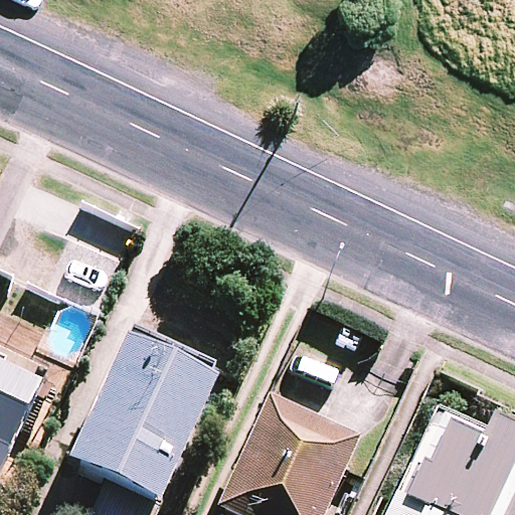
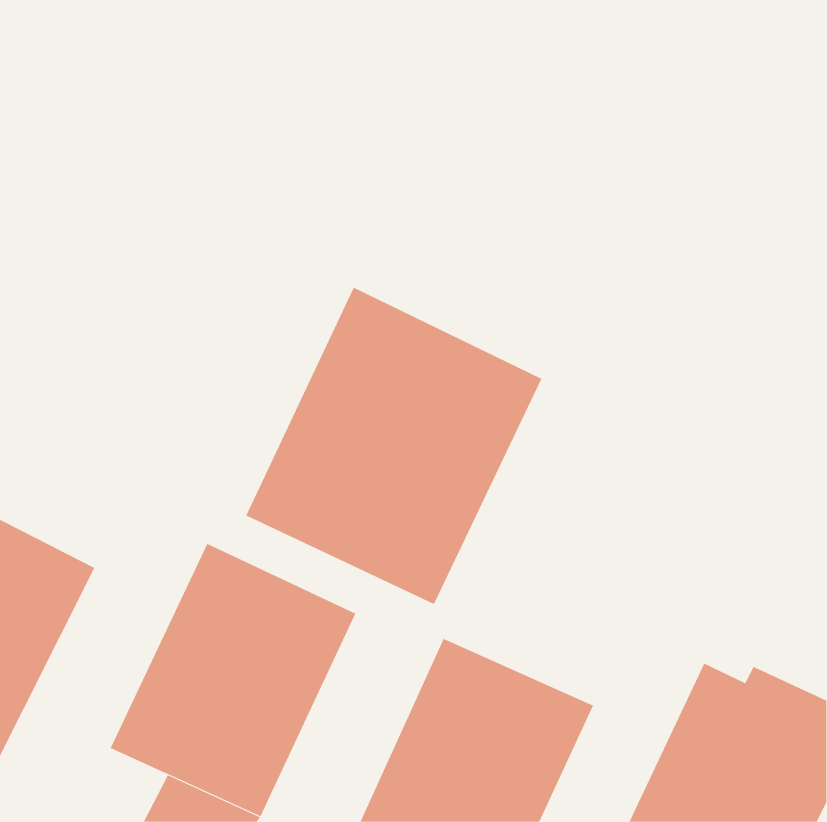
building: none -> [245,287,542,605]

